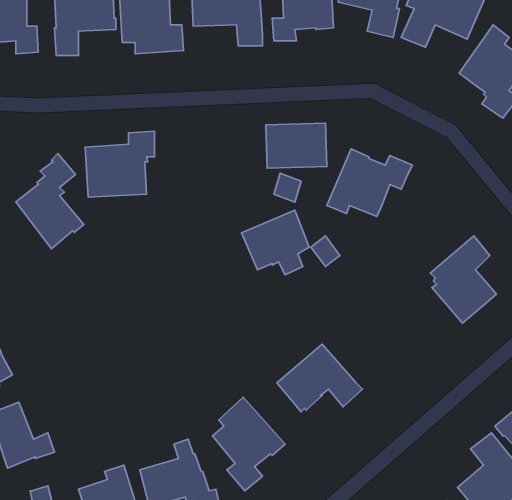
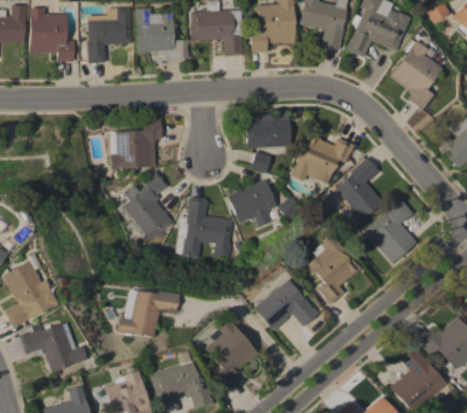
building: [16,154,84,249] -> [124,169,175,240]
building: none -> [335,157,385,220]
building: none -> [185,197,234,258]
building: none -> [307,234,361,303]
building: none -> [119,290,179,336]

